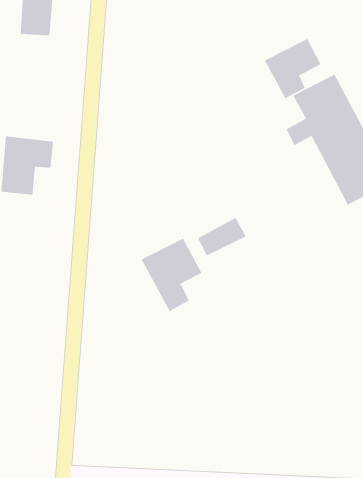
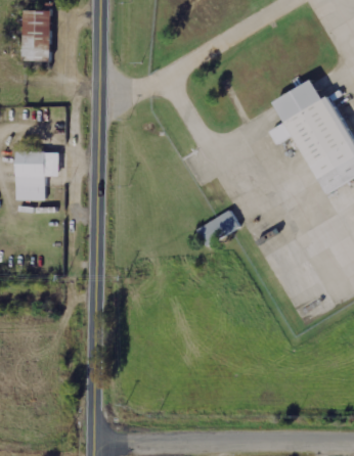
building: [264,38,321,99] -> none
building: [141,238,202,312] -> none

